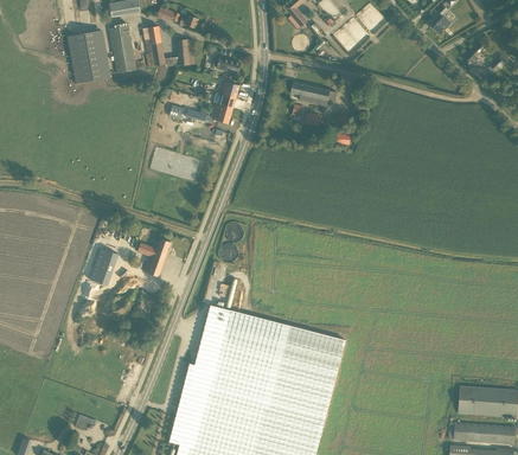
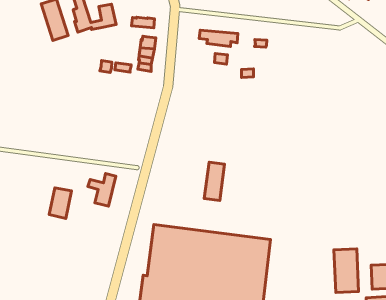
building: [66,28,110,82] -> none
building: none -> [204,162,225,201]
building: none -> [334,249,359,293]

